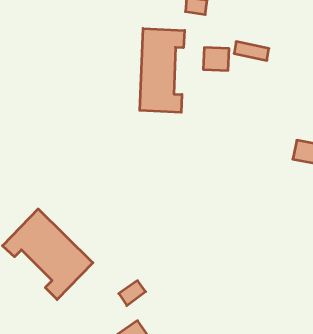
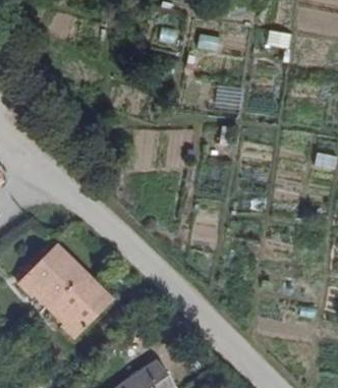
building: [140,28,185,112] -> none

